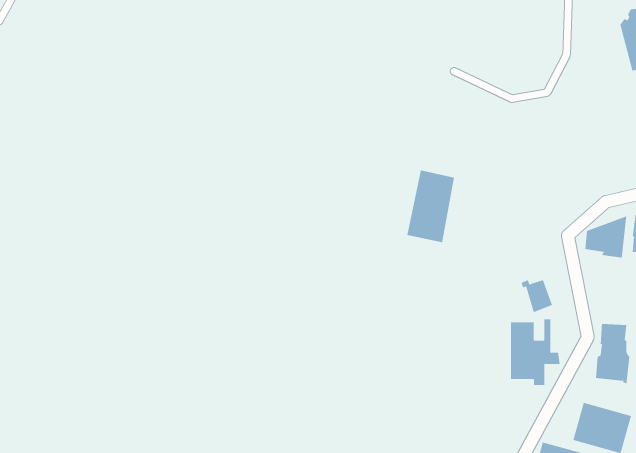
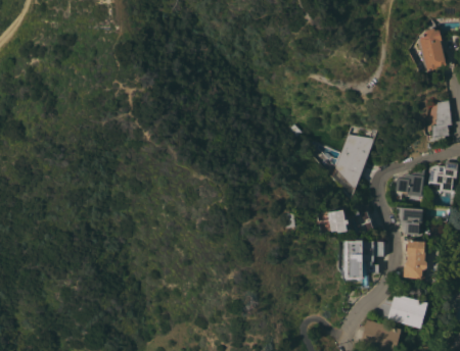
building: [406,170,455,243] -> [335,133,368,182]
building: none -> [324,207,351,236]
building: none -> [396,207,425,236]

